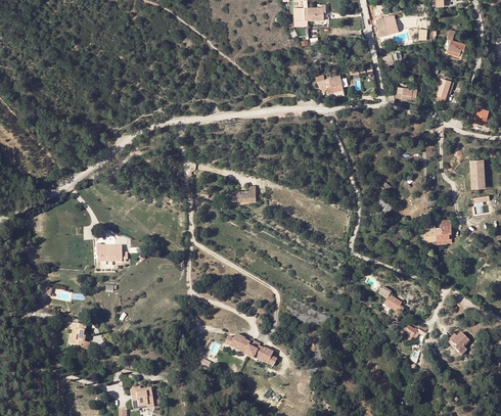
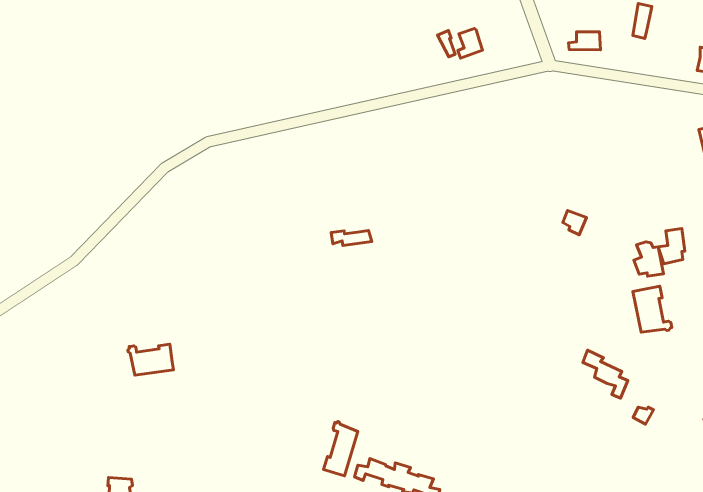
building: none -> [633,286,672,332]
building: none -> [324,422,358,476]

